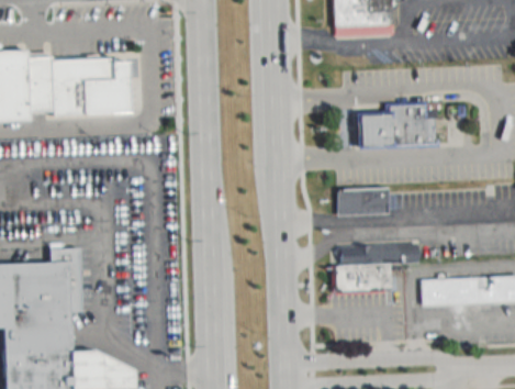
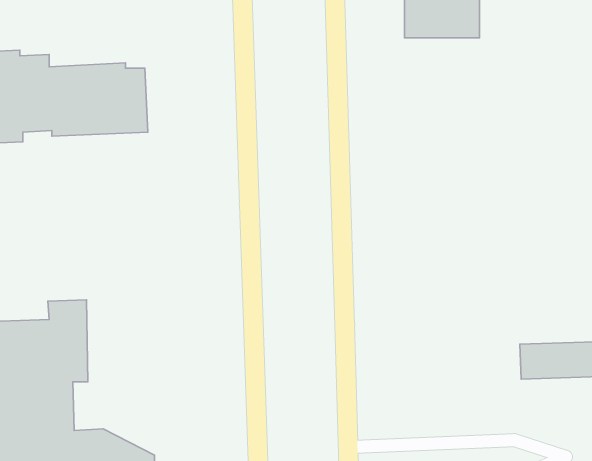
building: [360,109,439,148] -> none
building: [339,188,391,214] -> none
building: [335,243,422,294] -> none

